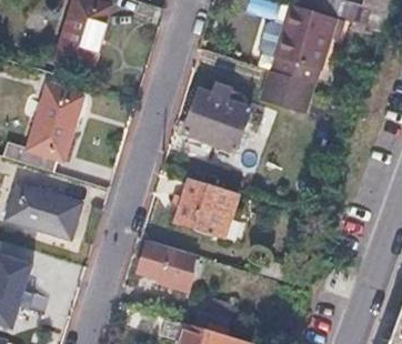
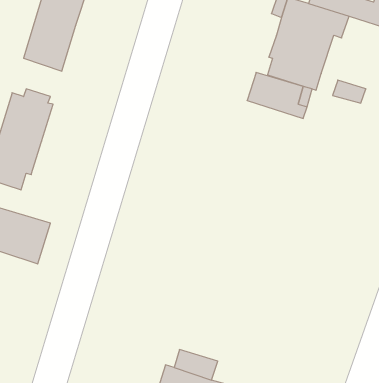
building: [183,82,251,150] -> none
building: [174,178,235,237] -> none
building: [137,243,192,289] -> none

